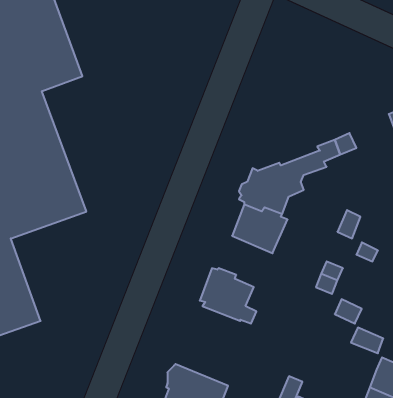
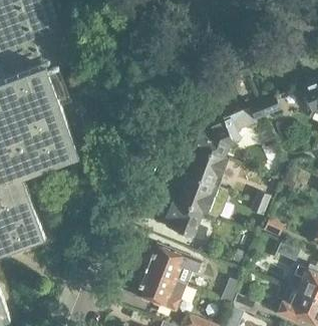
building: none -> [177,177,227,220]
building: none -> [144,247,201,288]

